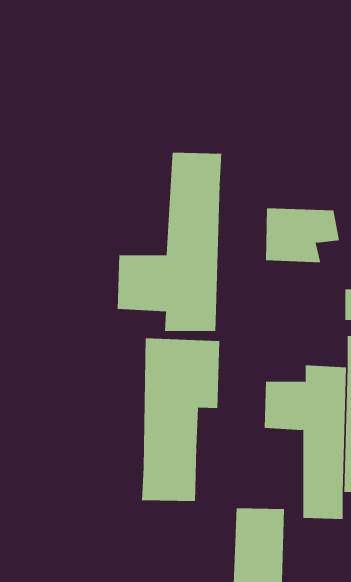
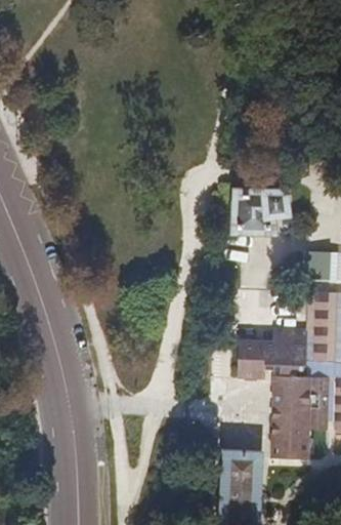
building: [117,152,222,332] -> none
building: [142,337,220,502] -> none

